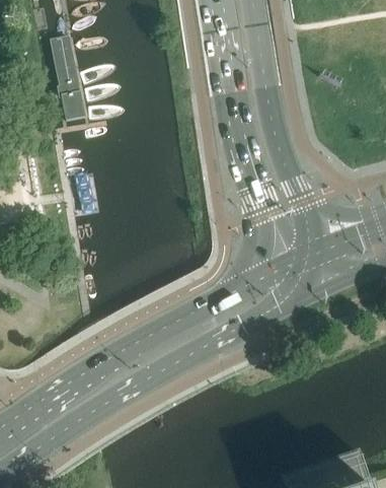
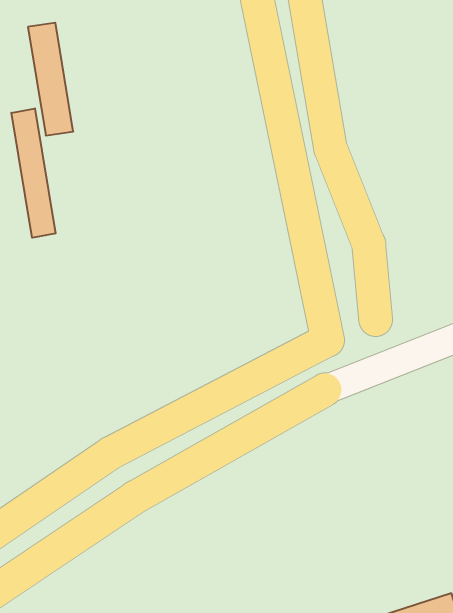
building: none -> [11,108,56,238]

